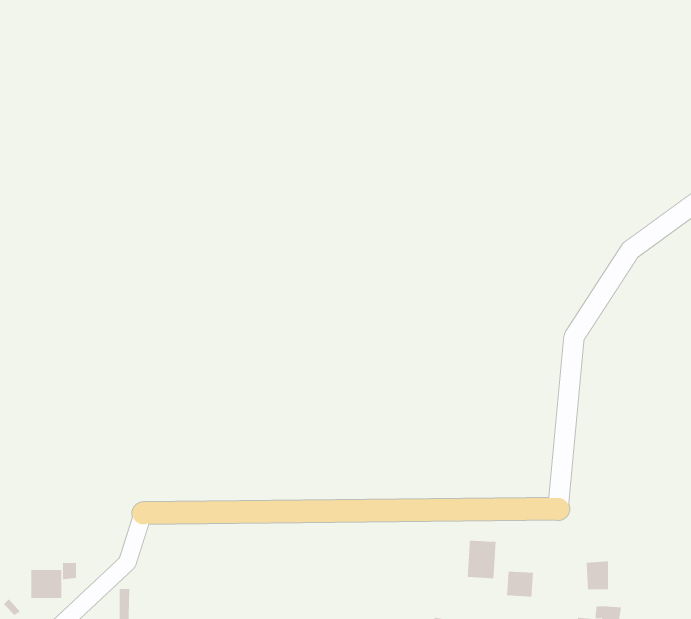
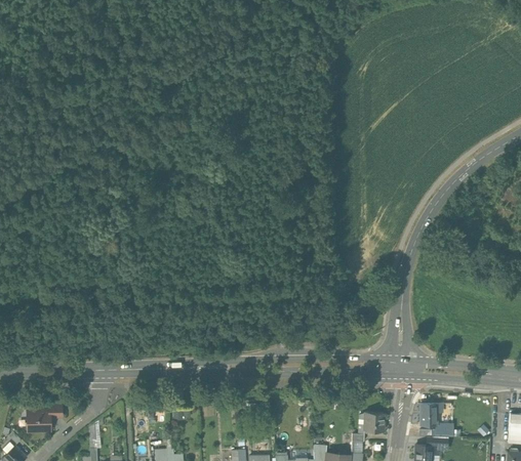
building: [467,540,496,579] -> none

